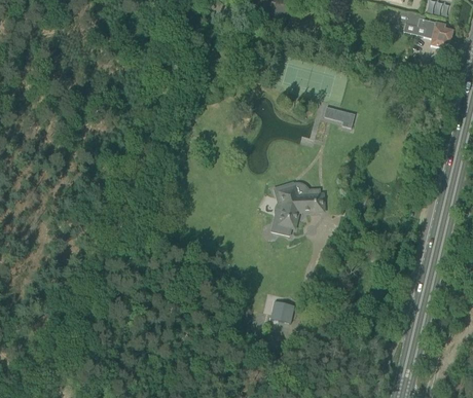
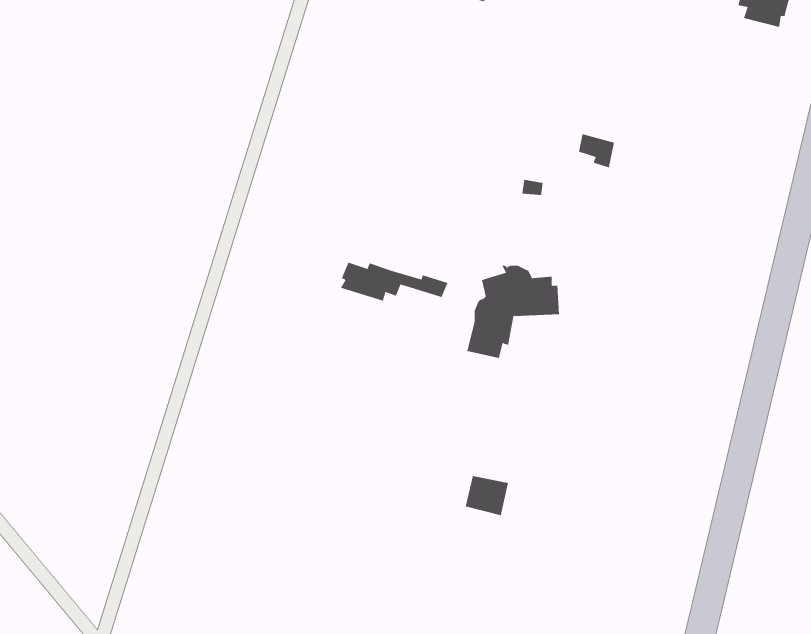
building: none -> [340,262,448,301]

